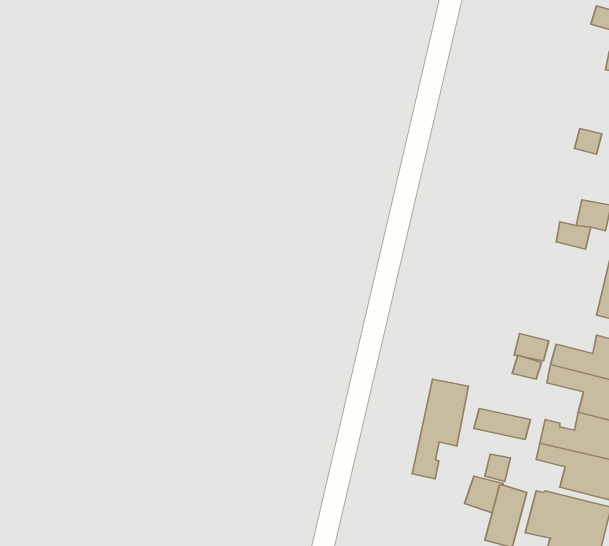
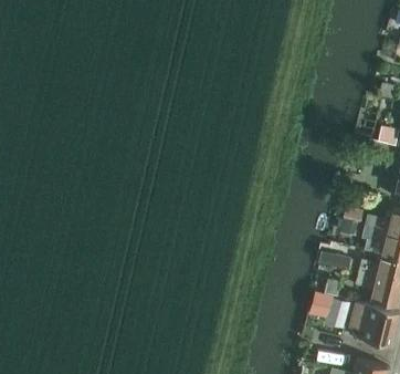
building: [412,379,468,479] -> none

